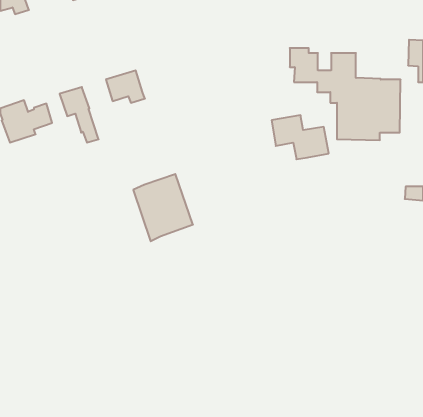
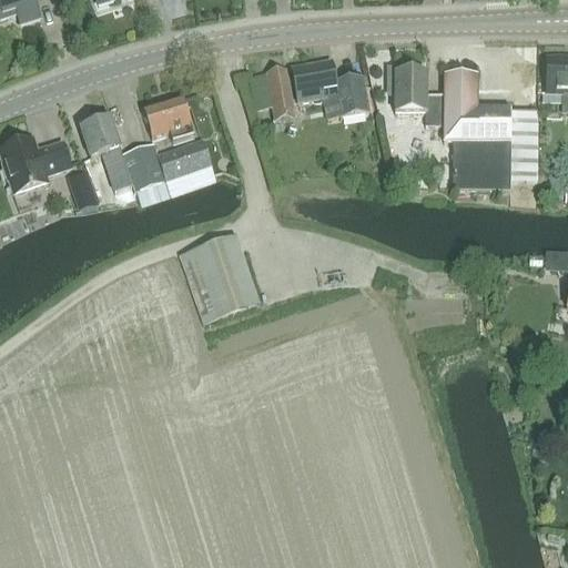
building: none -> [251,65,294,118]
building: none -> [123,136,217,207]
building: [272,115,329,159] -> [292,58,368,116]

